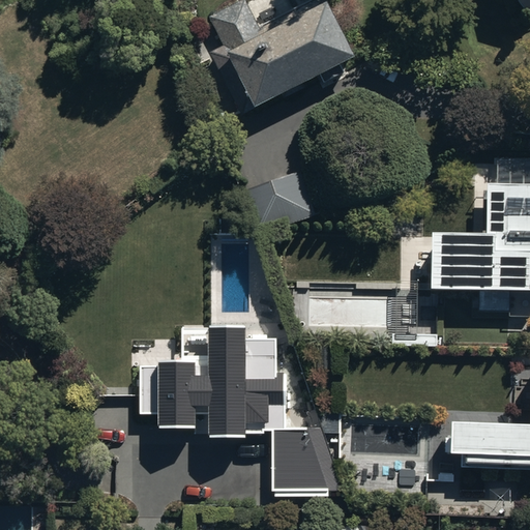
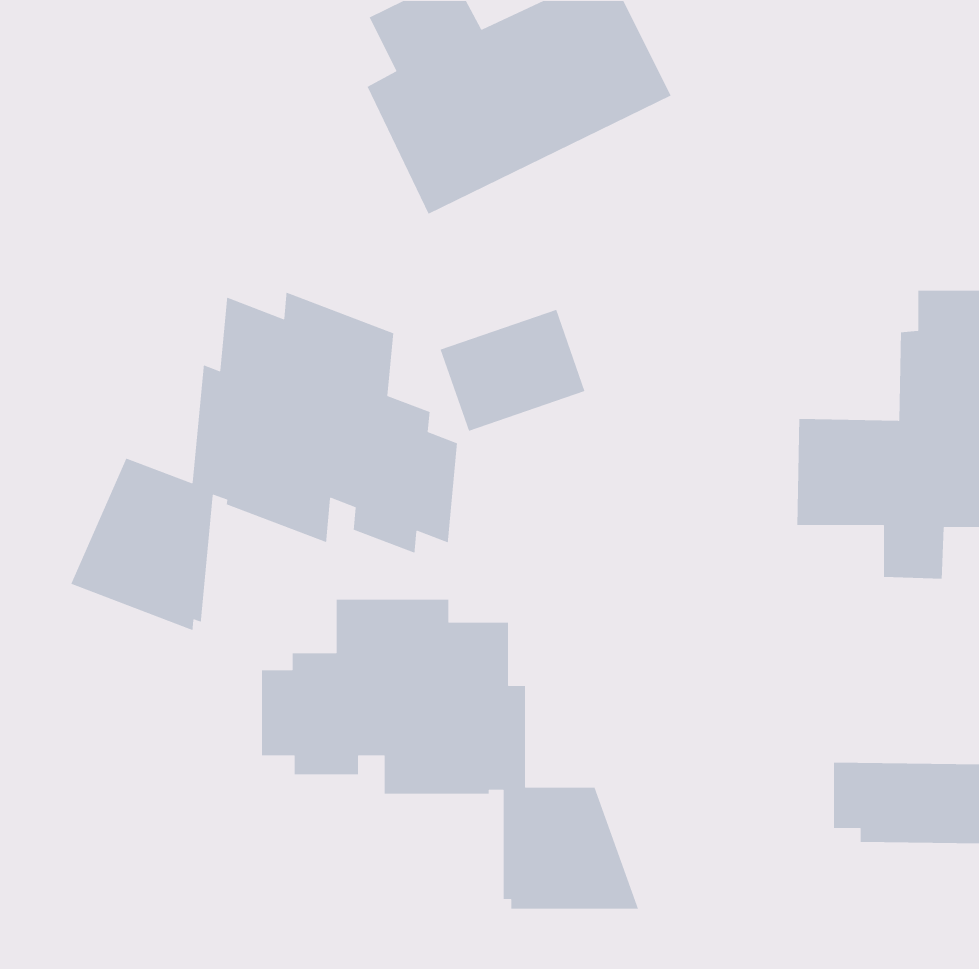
building: none -> [70,292,458,631]

